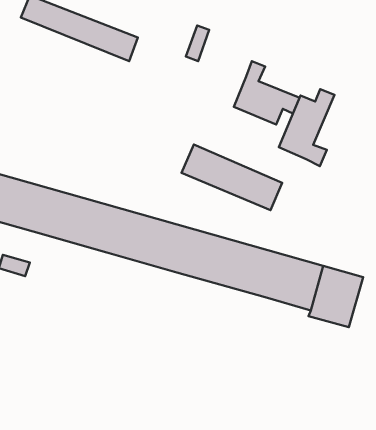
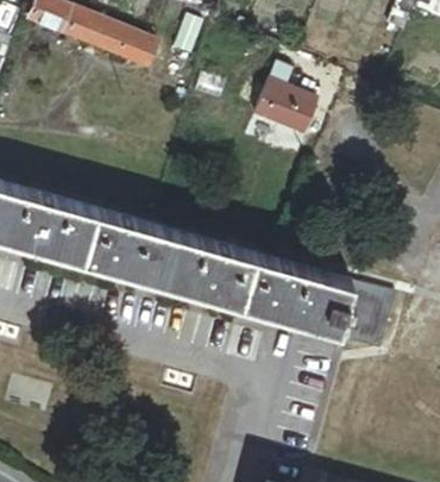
building: [279,89,335,166] -> none
building: [181,145,282,210] -> none

